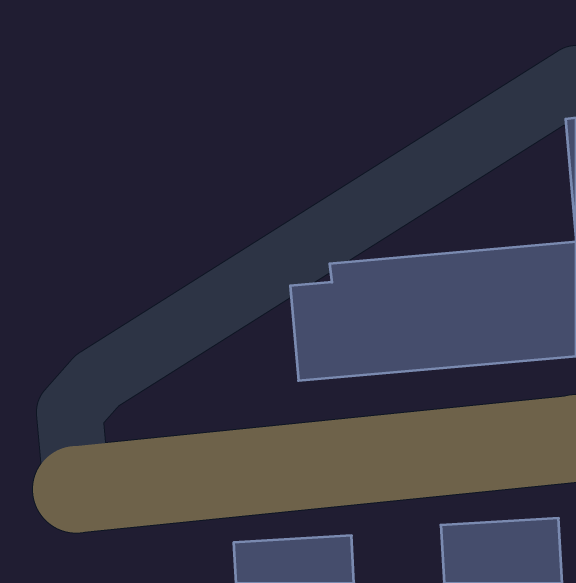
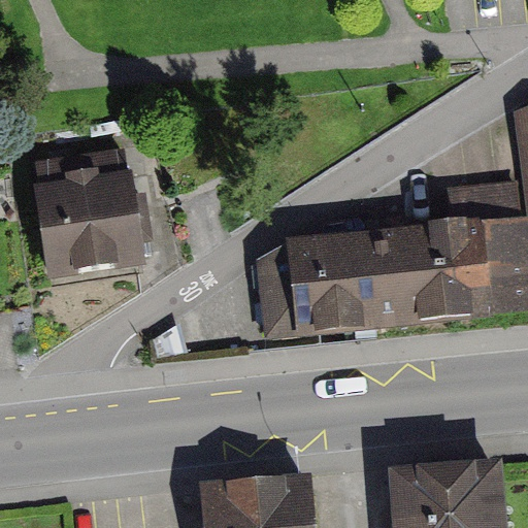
building: none -> [36,153,137,275]

